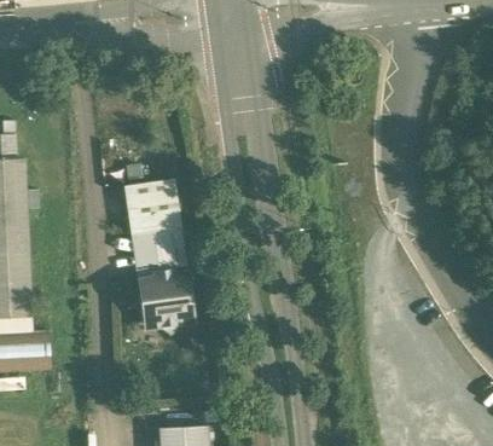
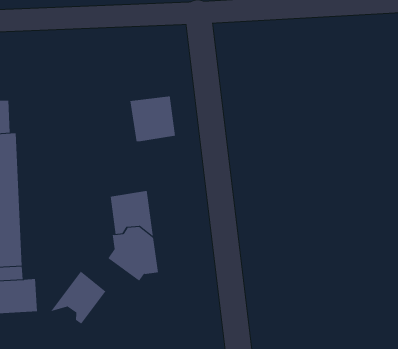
building: [124,179,179,233] -> [130,96,176,142]
building: none -> [50,271,106,324]

